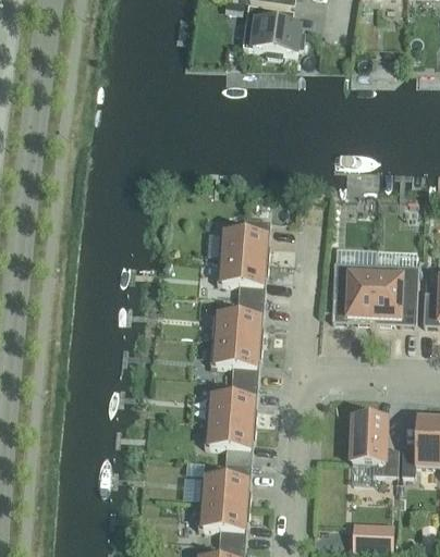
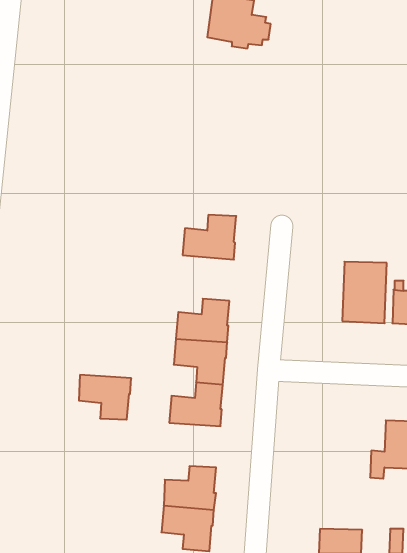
building: [217,257,269,301] -> none
building: [332,261,377,321] -> none
building: [352,414,399,473] -> none
building: [205,420,256,463] -> [79,375,131,420]

